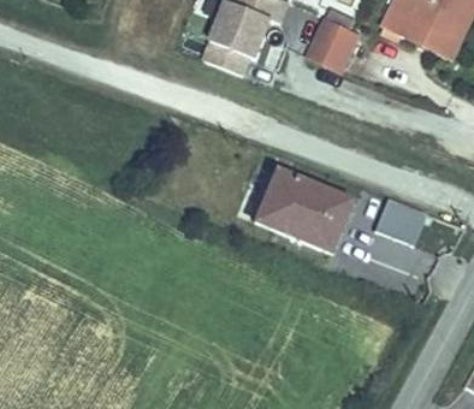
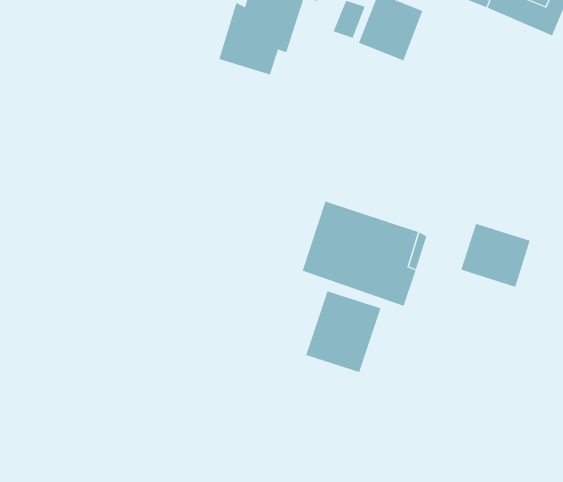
building: none -> [305,291,381,373]

